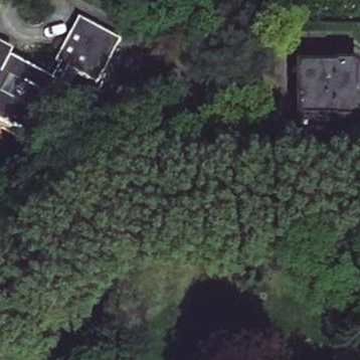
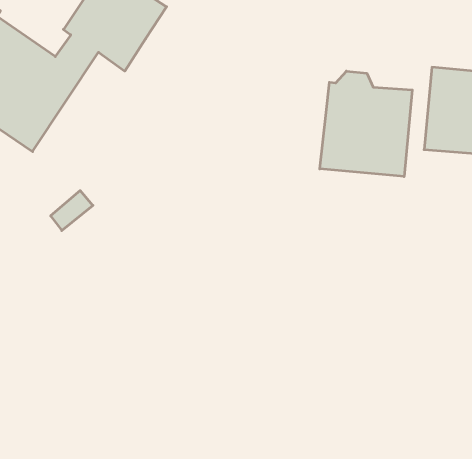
building: none -> [320,71,412,177]

